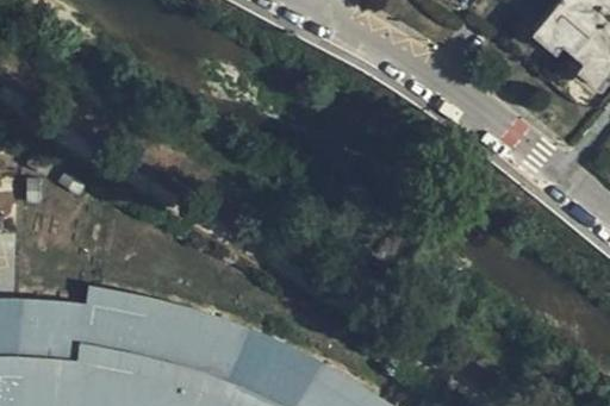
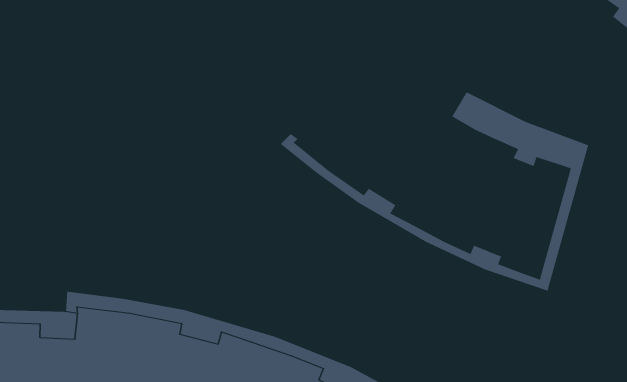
building: none -> [280,92,589,292]

